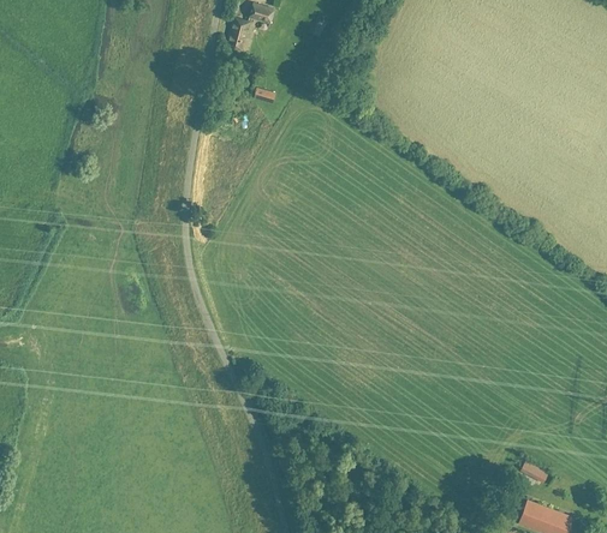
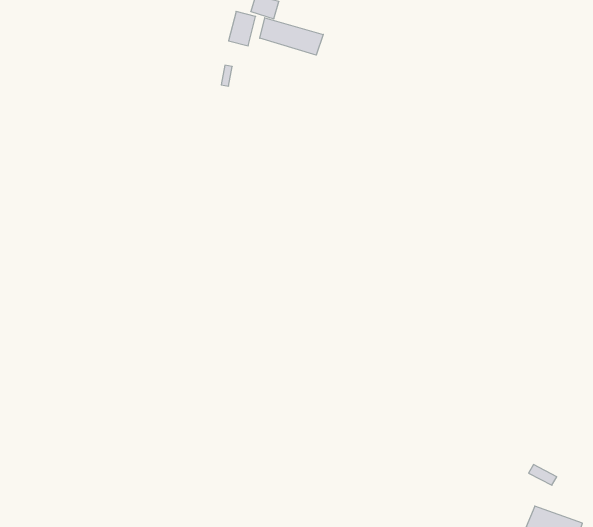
building: none -> [260,18,323,55]

